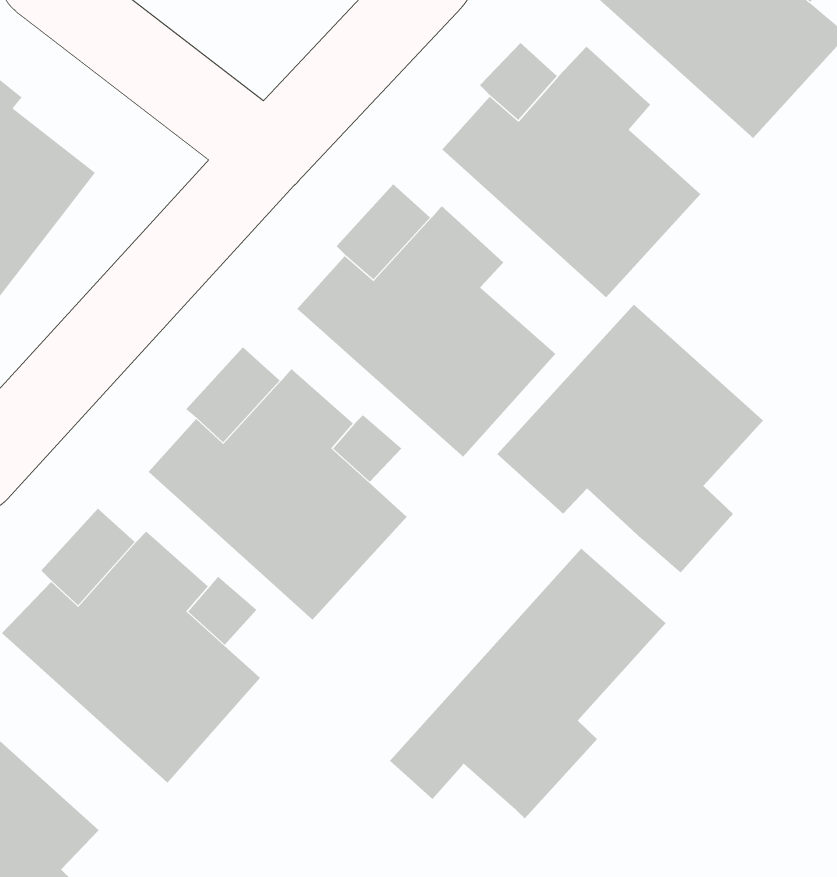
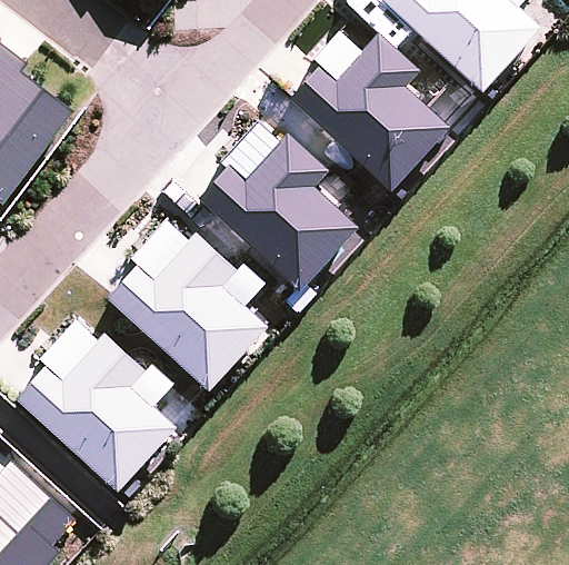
building: [497,304,764,574] -> none
building: [389,548,666,819] -> none

